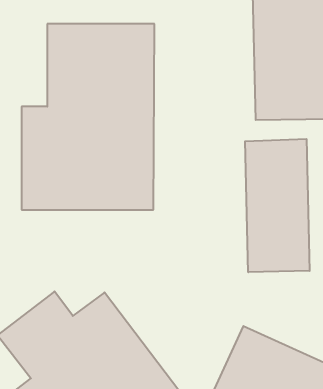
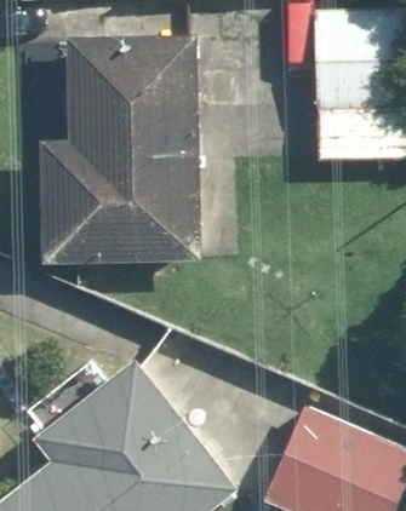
building: [245,139,310,272] -> none

